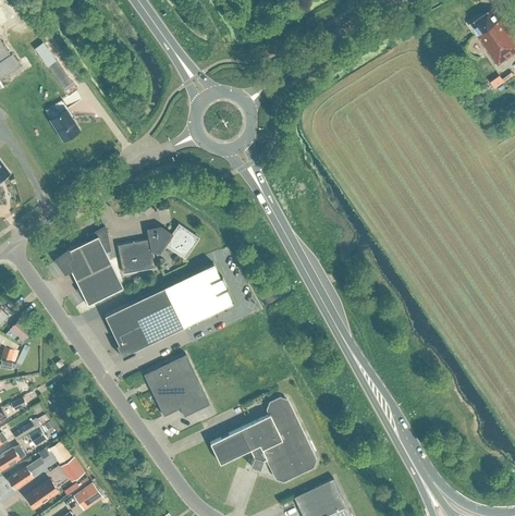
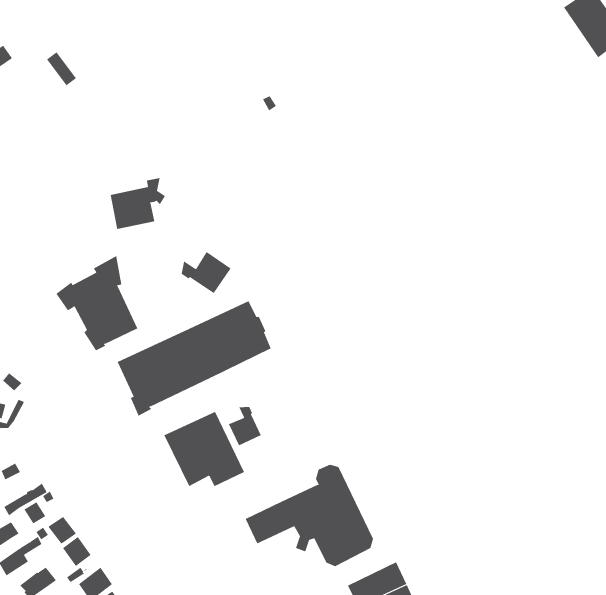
building: [50,110,78,140] -> none
building: [118,232,163,274] -> [110,177,166,229]
building: none -> [228,406,261,446]

